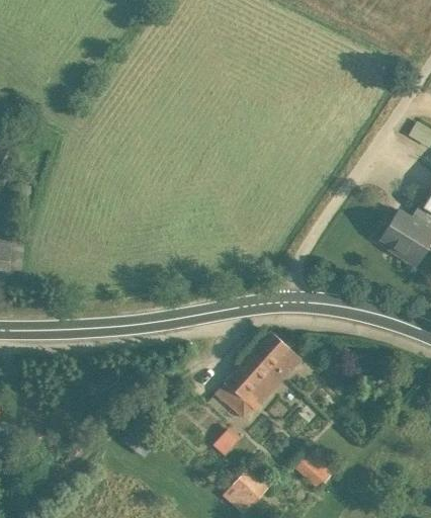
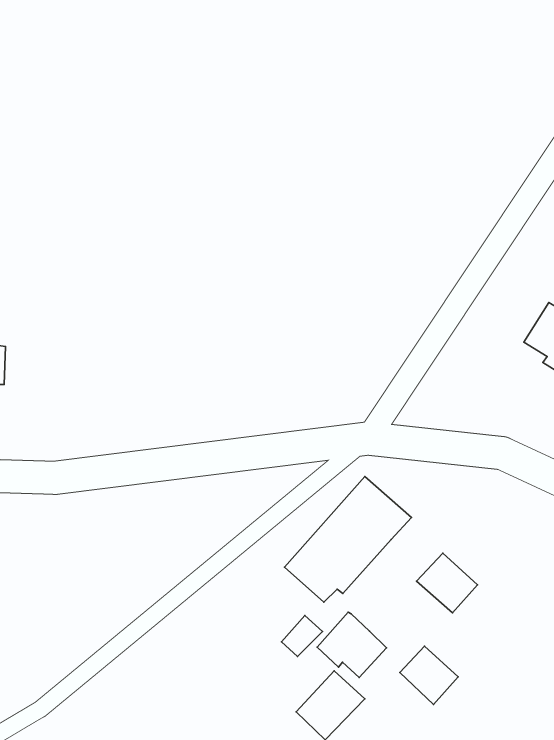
building: none -> [417,553,478,613]
building: none -> [317,612,386,678]

